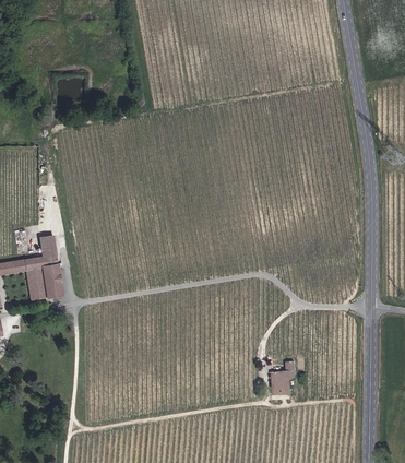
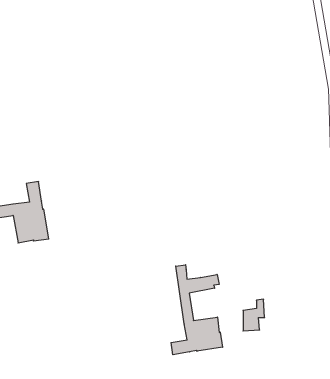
building: none -> [171,265,223,355]

